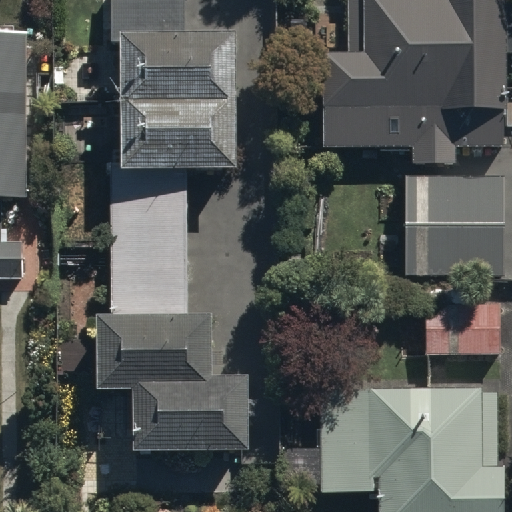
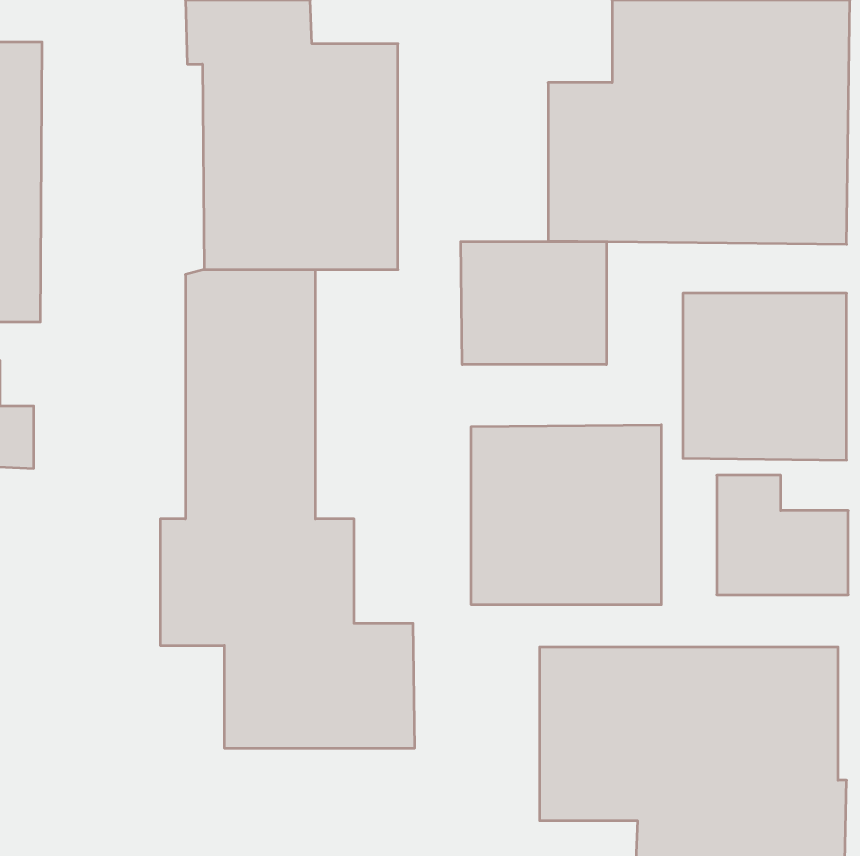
building: none -> [461,242,606,365]
building: none -> [471,425,661,605]

